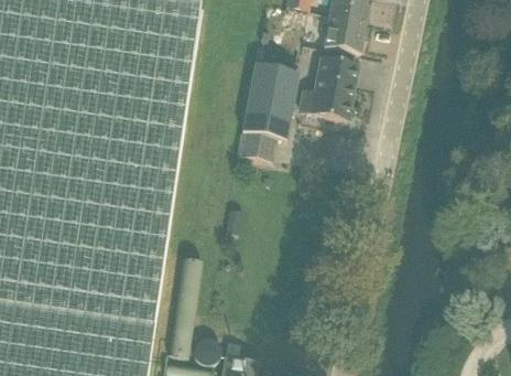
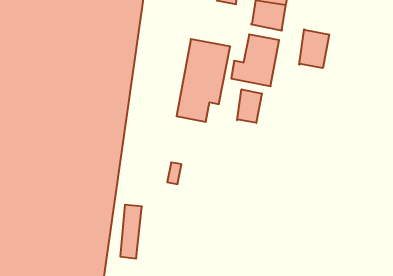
building: none -> [299,29,329,68]
building: none -> [237,89,262,123]

